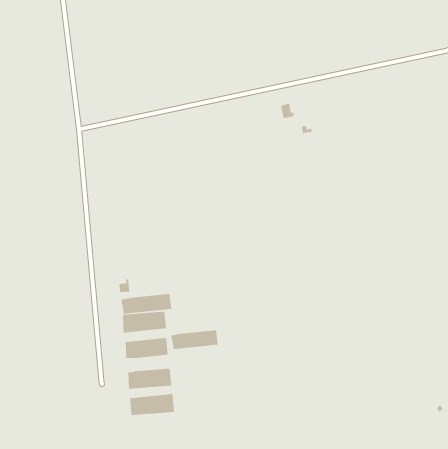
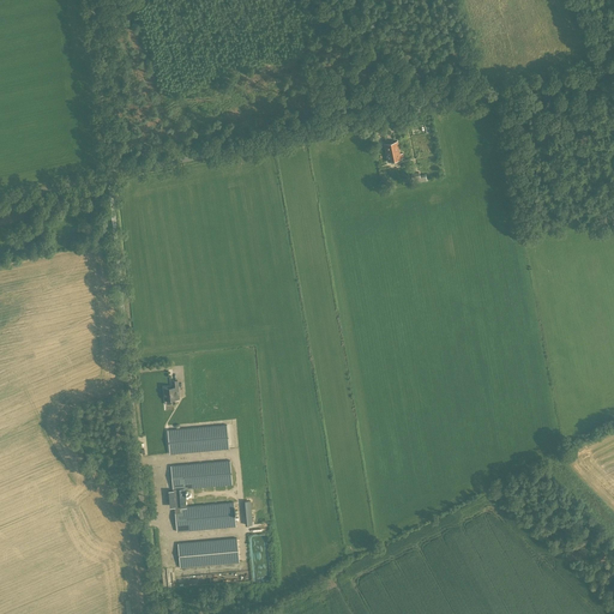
building: [121,293,172,314] -> none
building: [171,330,218,350] -> none

